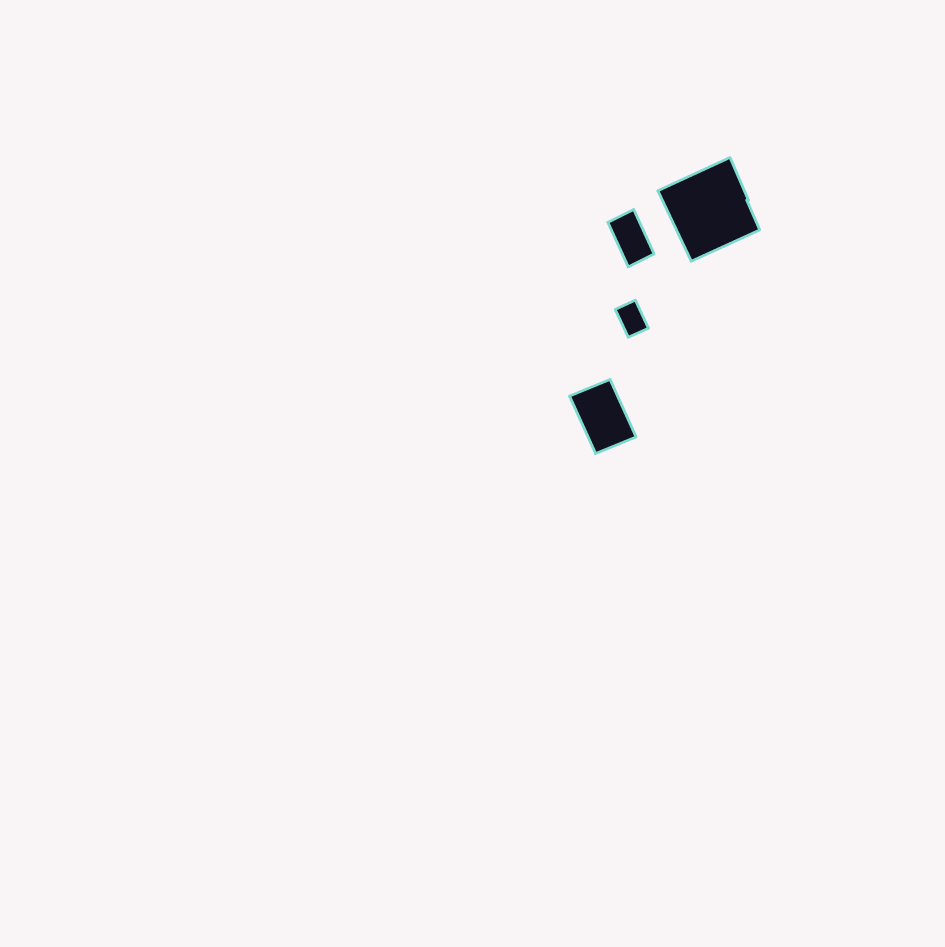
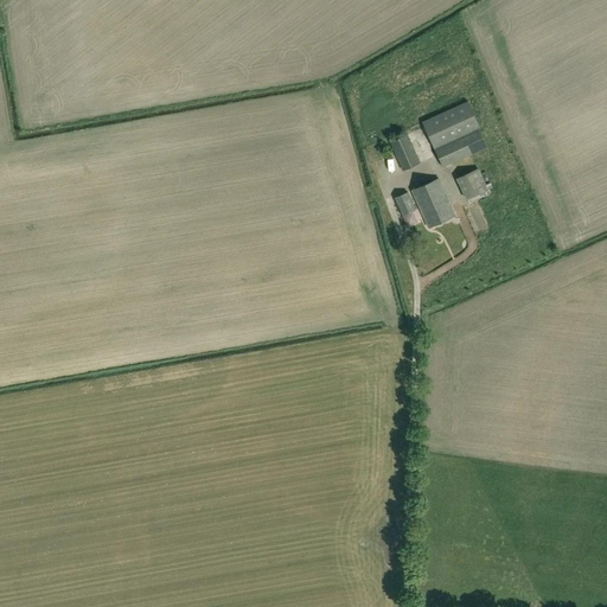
building: none -> [455,168,487,200]
building: [569,379,636,454] -> [411,179,454,226]

